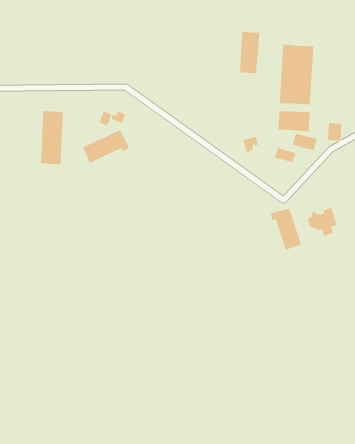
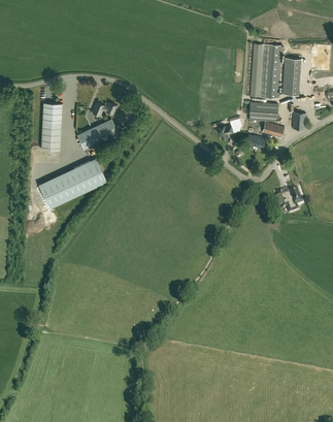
building: [239,31,260,74] -> [282,59,301,96]
building: none -> [39,158,107,208]
building: [270,208,302,251] -> none

